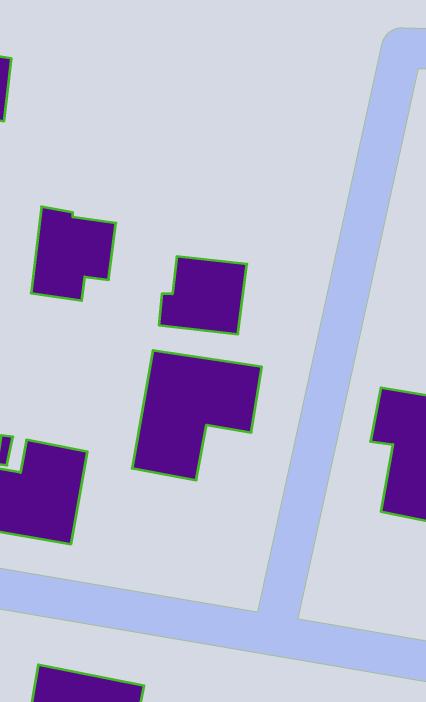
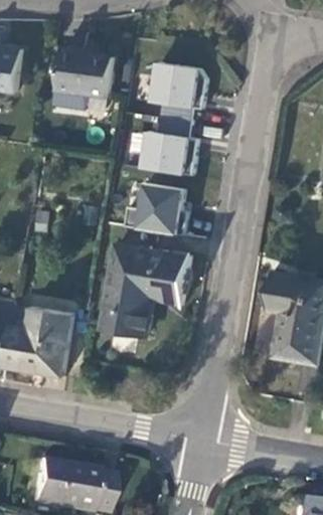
building: none -> [136,61,200,175]
building: [31,207,116,301] -> [57,47,115,111]

